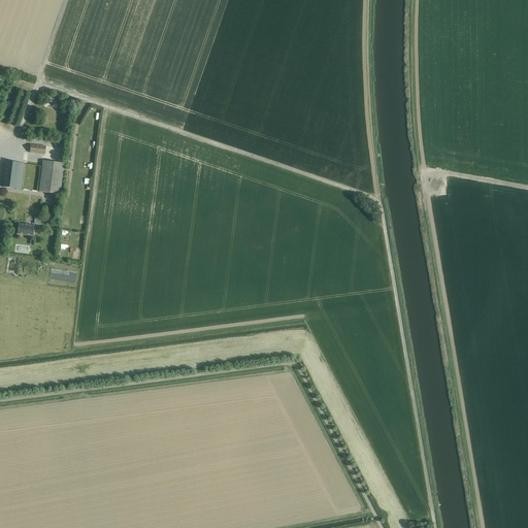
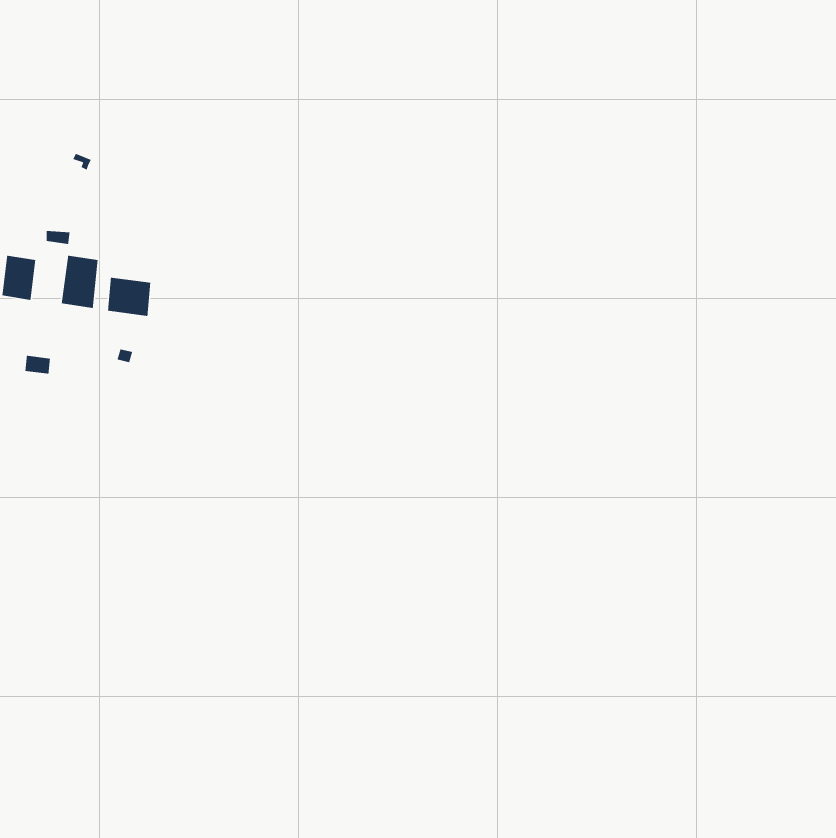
building: none -> [107,277,151,317]

